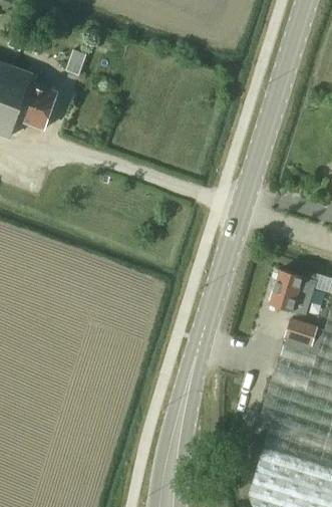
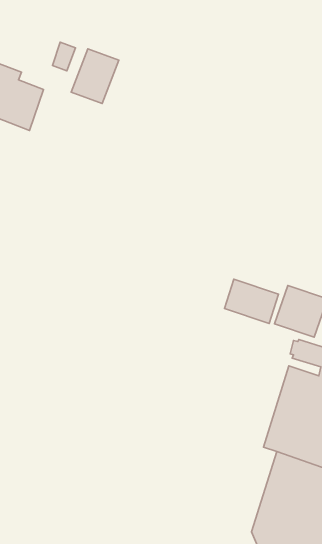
building: none -> [71,49,119,103]
building: none -> [224,279,279,323]

